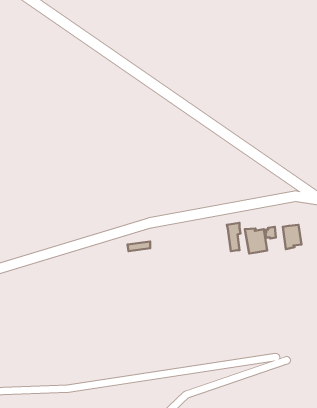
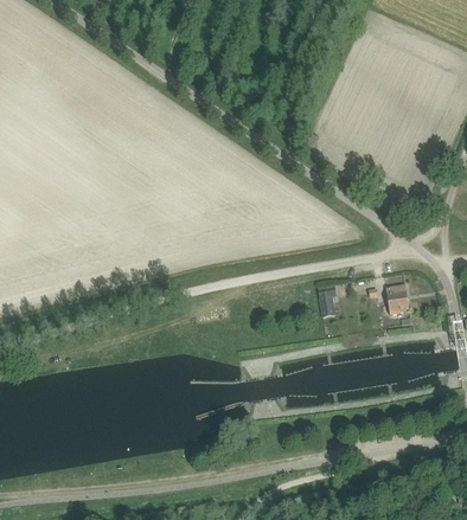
building: [245,228,267,254] -> none

